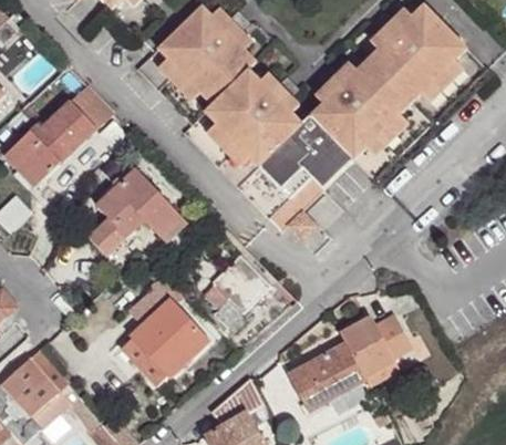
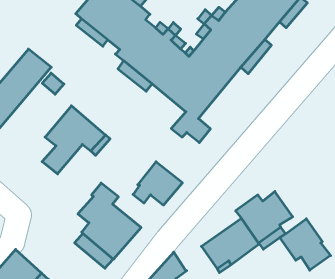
building: none -> [280,219,331,270]

